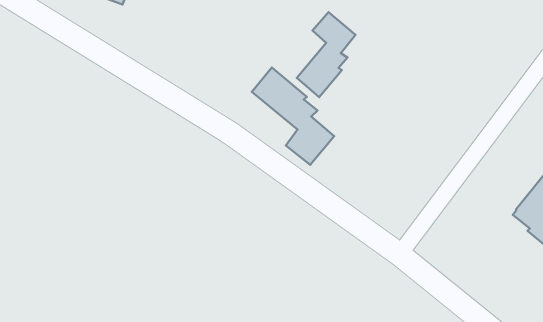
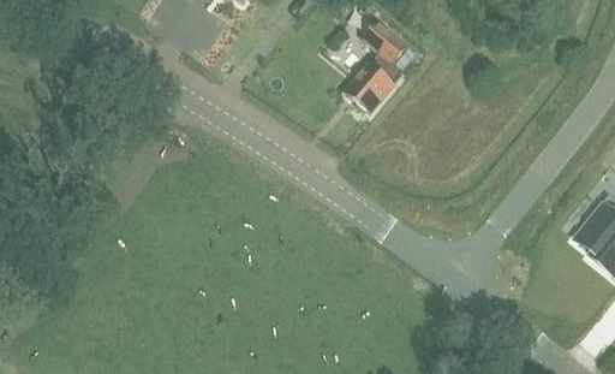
building: [252,67,334,165] -> none

